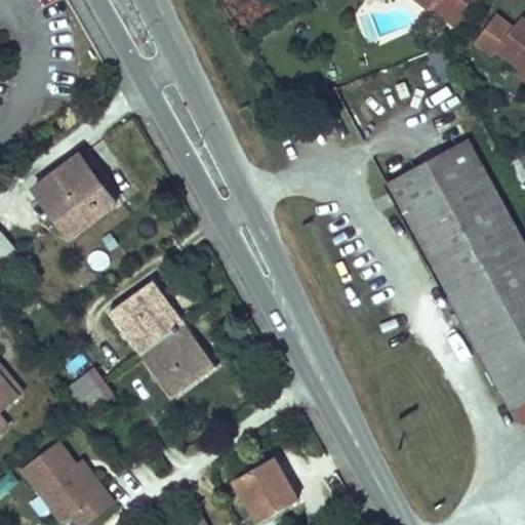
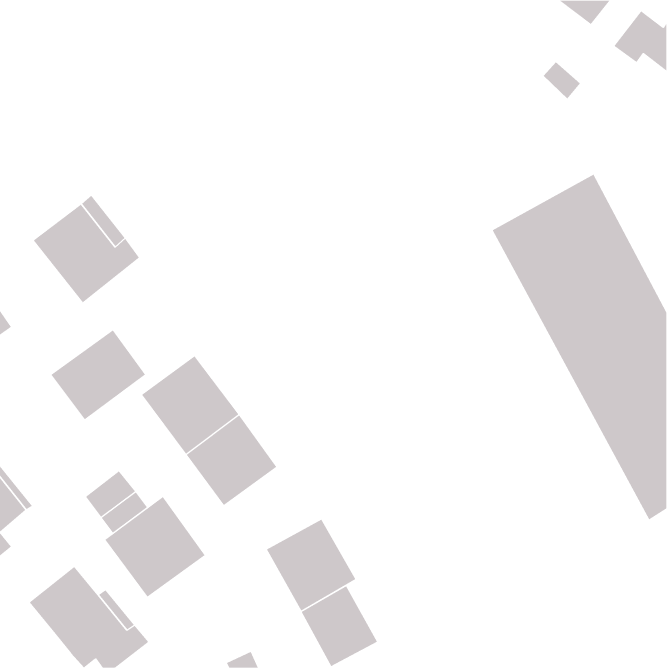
building: none -> [50,329,146,420]
building: none -> [105,496,205,598]
building: none -> [266,519,356,612]

